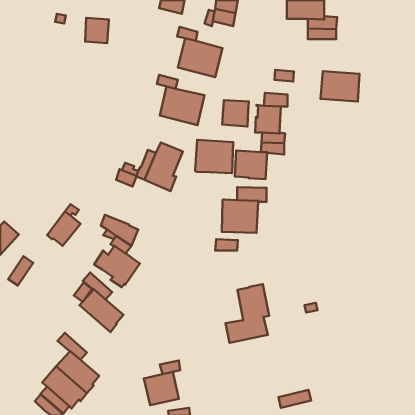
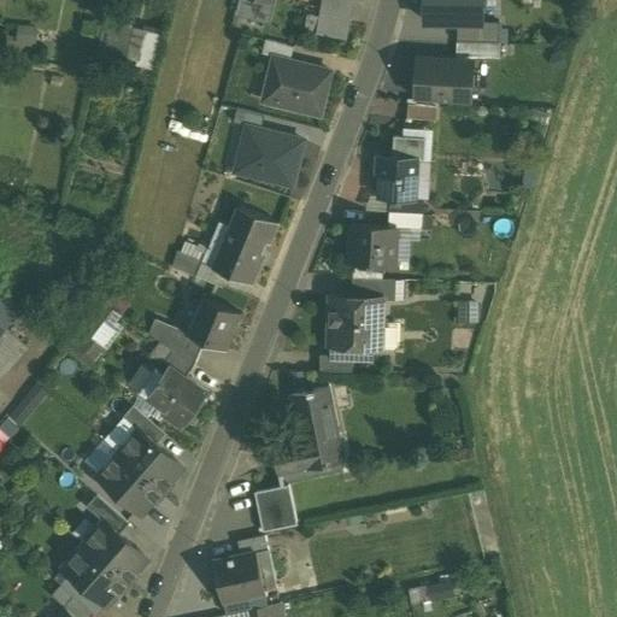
building: [321,71,360,101] -> [415,59,472,104]
building: [222,100,249,126] -> none
building: [195,140,233,173] -> none
building: none -> [192,299,241,349]
building: [225,284,269,343] -> [274,387,339,474]
building: none -> [98,453,164,515]
building: none -> [255,487,296,530]

